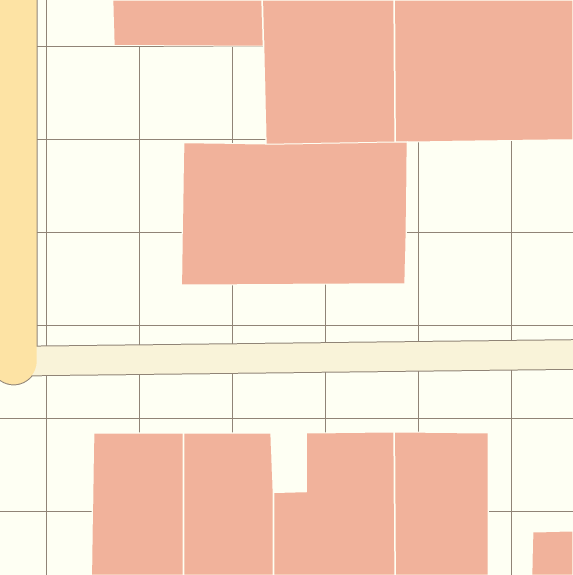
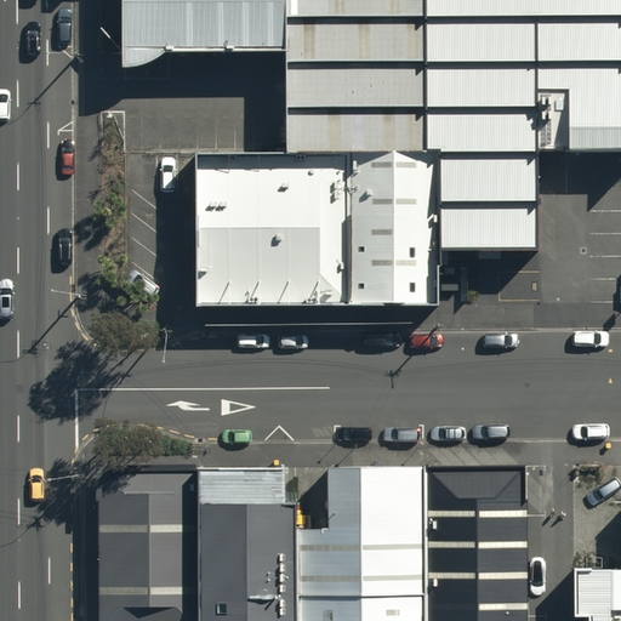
building: none -> [438,152,537,251]

